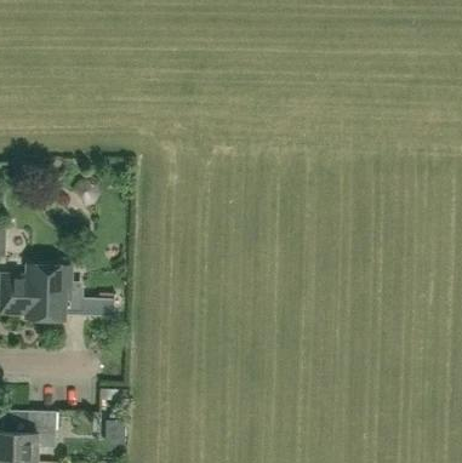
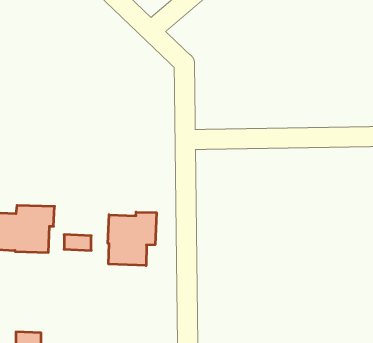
building: none -> [108,212,156,266]

